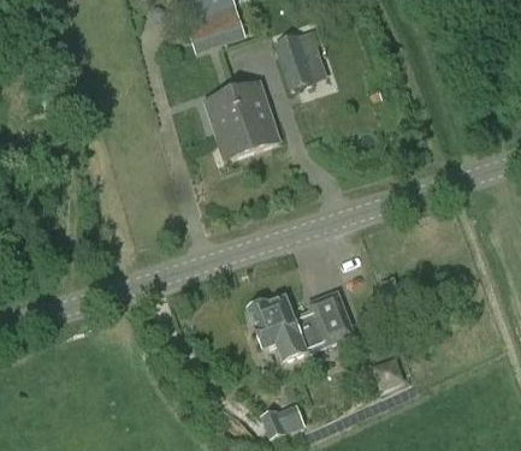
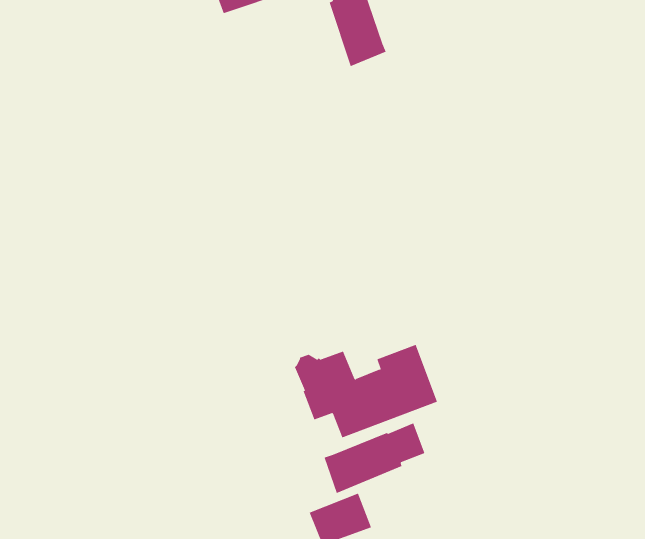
building: [207,82,280,159] -> none
building: none -> [324,423,425,494]

